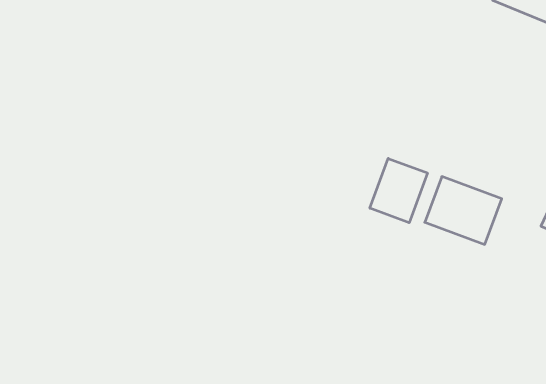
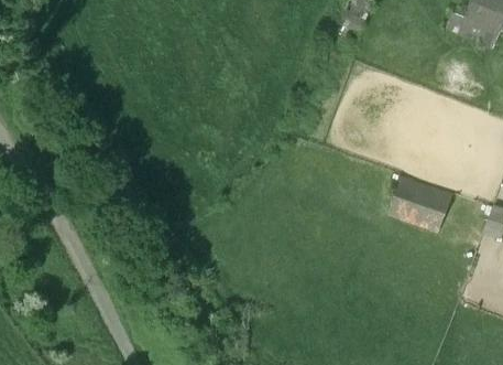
building: [370,158,427,223] -> none

